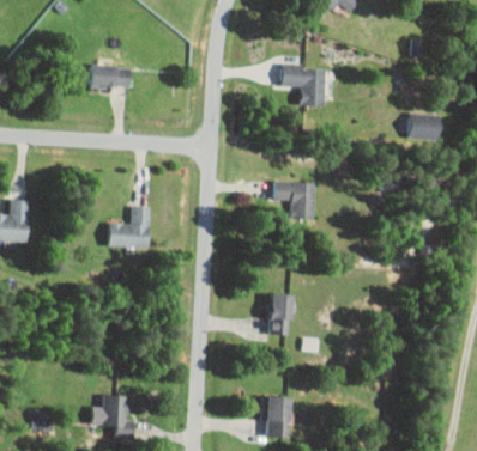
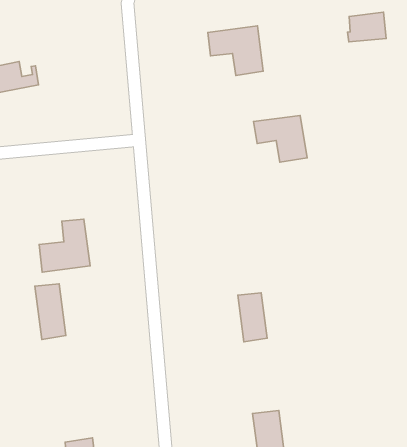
building: [407,112,441,136] -> [347,12,386,42]
building: [273,181,314,219] -> [254,116,307,162]
building: none -> [35,284,66,339]

